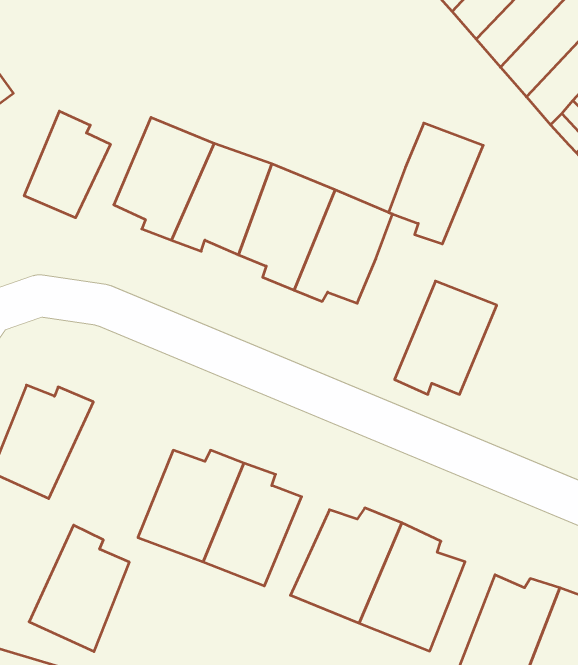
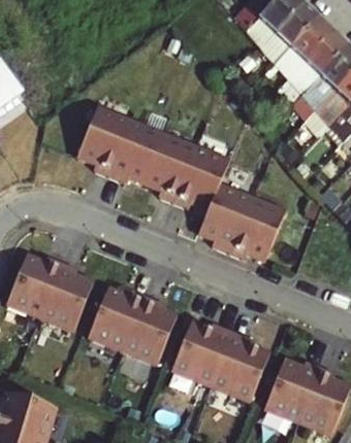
building: [24,111,110,218] -> none
building: [389,123,483,244] -> [200,184,253,251]
building: [29,525,129,652] -> [38,264,94,334]

